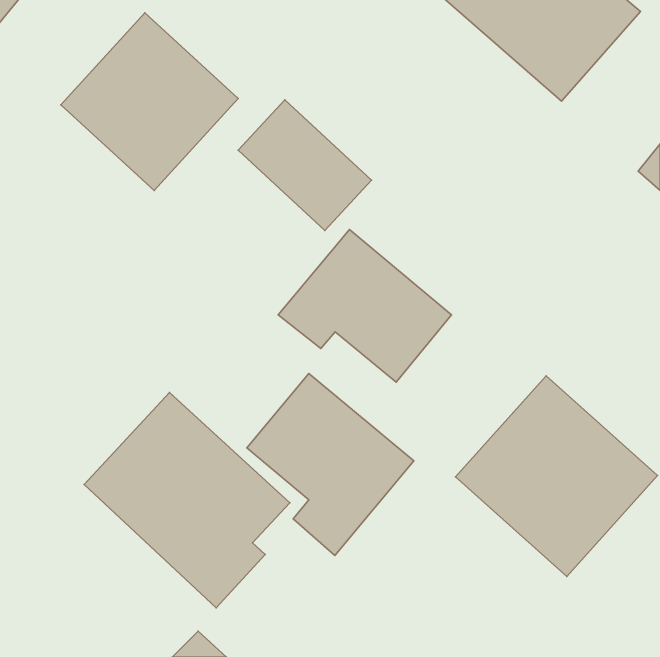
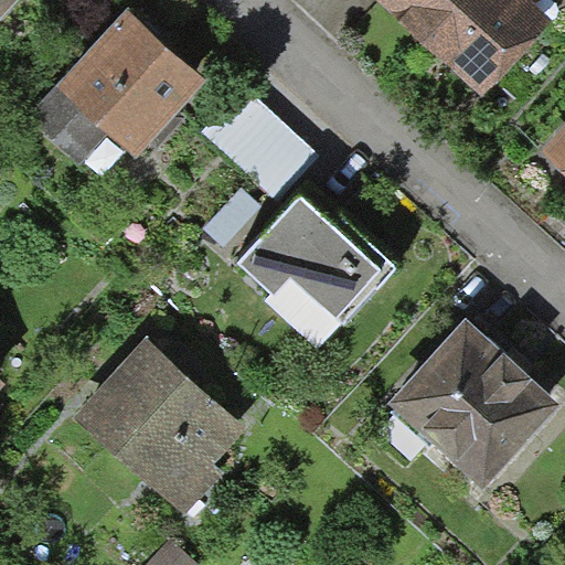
building: [247,373,414,556] -> none

